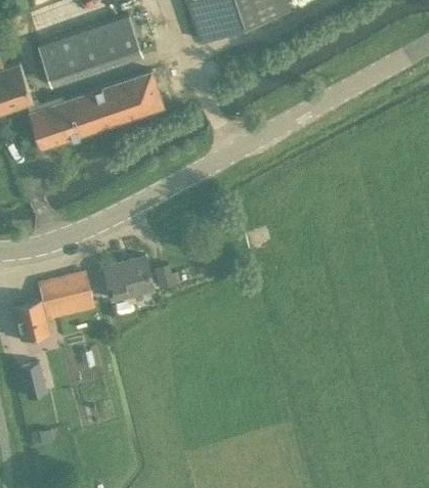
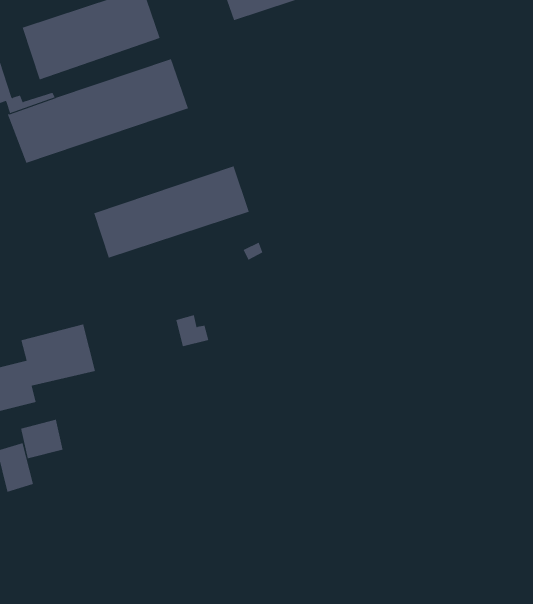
building: none -> [93,165,249,259]
building: [103,257,154,301] -> none
building: none -> [20,419,63,459]

